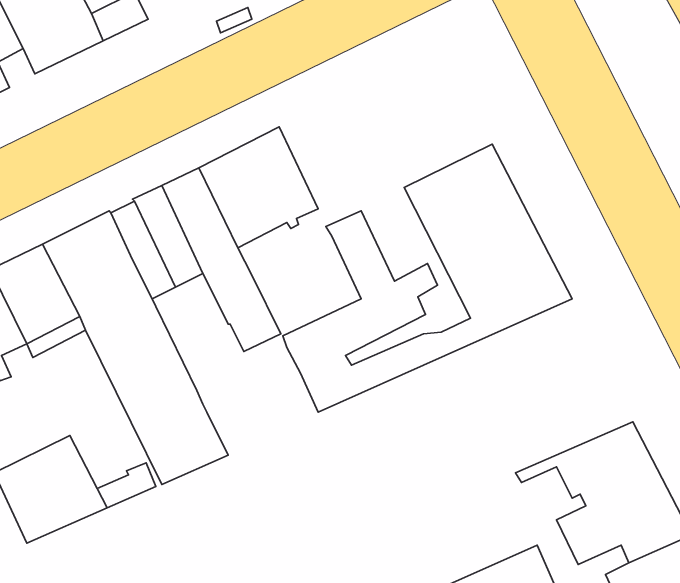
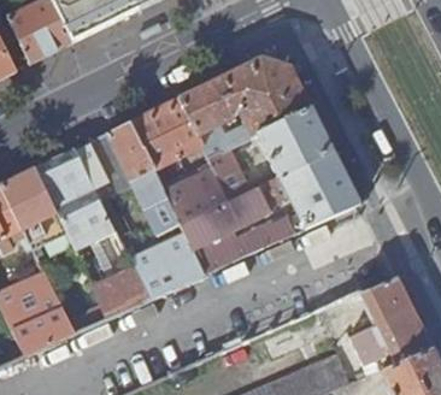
building: none -> [178,55,310,157]
building: none -> [161,163,229,224]
building: none -> [128,231,204,297]

